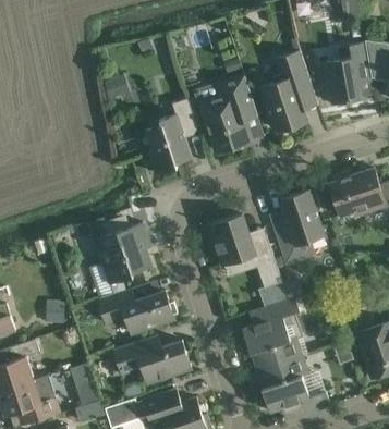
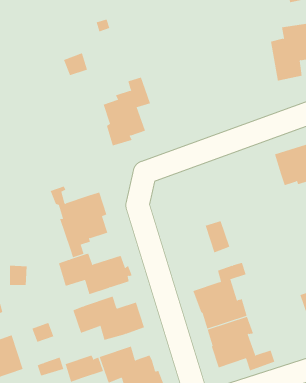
building: [259,38,317,132] -> none
building: [202,74,258,152] -> none
building: [272,191,324,262] -> none
building: [209,214,255,265] -> none

